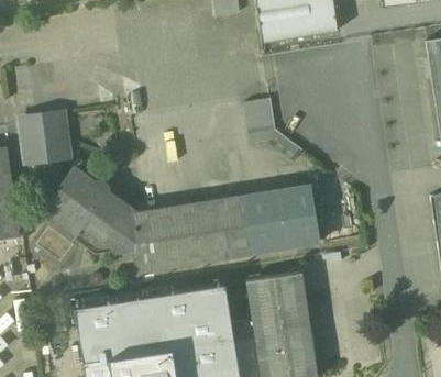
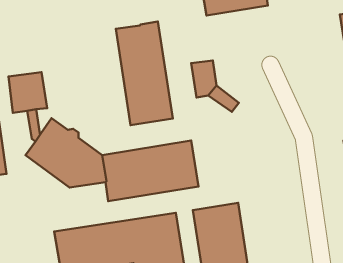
building: none -> [116,21,173,125]
building: [244,185,320,252] -> none

